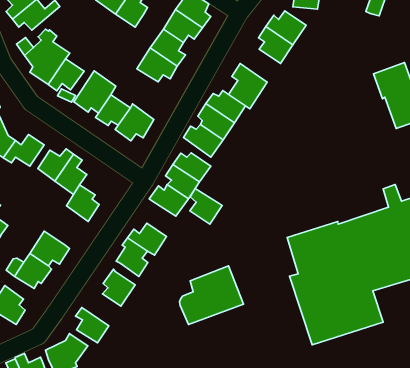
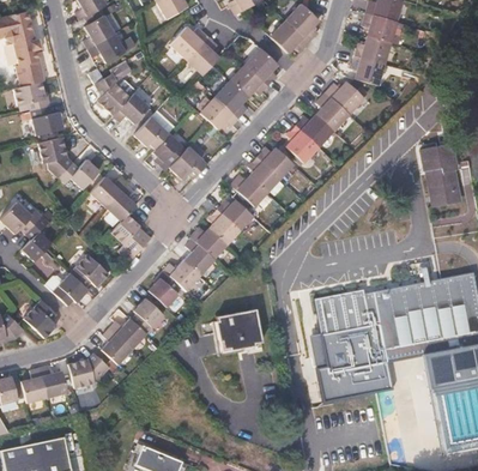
building: none -> [297,113,335,145]
building: [190,188,222,224] -> [184,240,216,276]
building: none -> [110,319,147,351]

